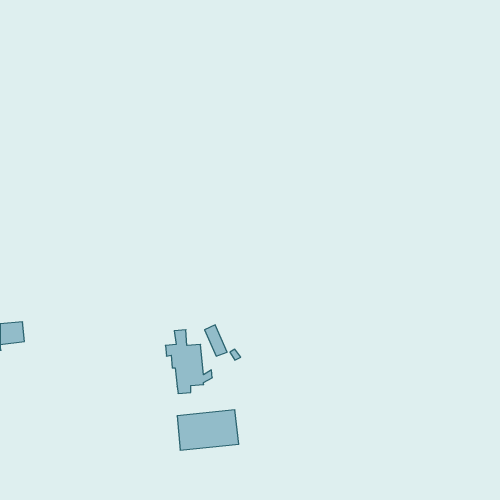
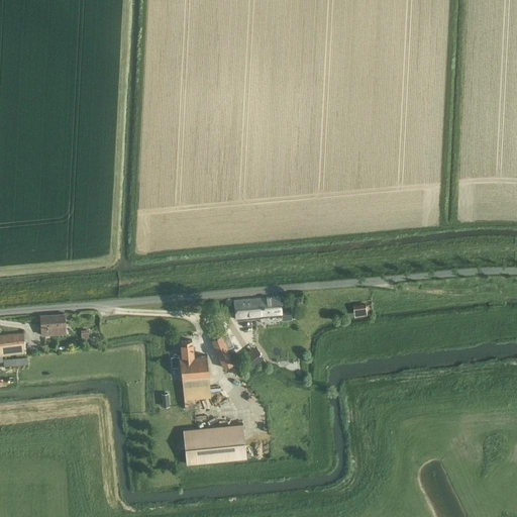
building: none -> [233,296,292,321]
building: none -> [39,313,65,335]

